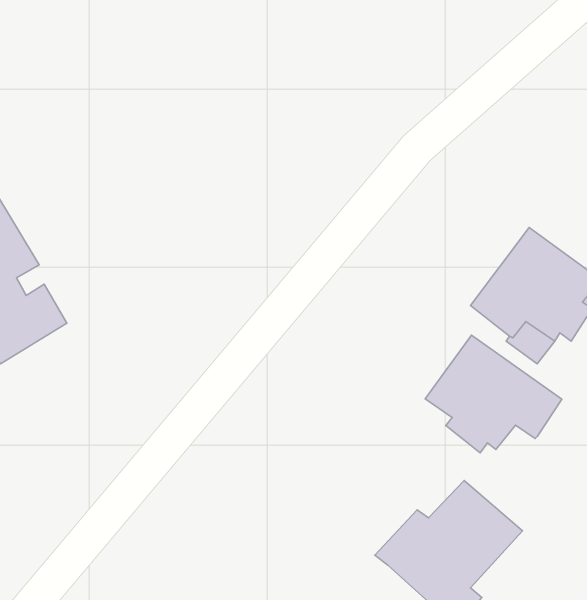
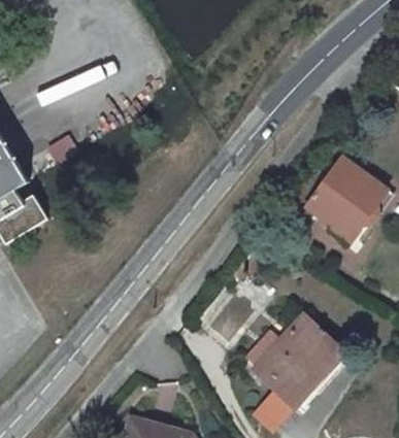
building: [425,335,562,453] -> none

